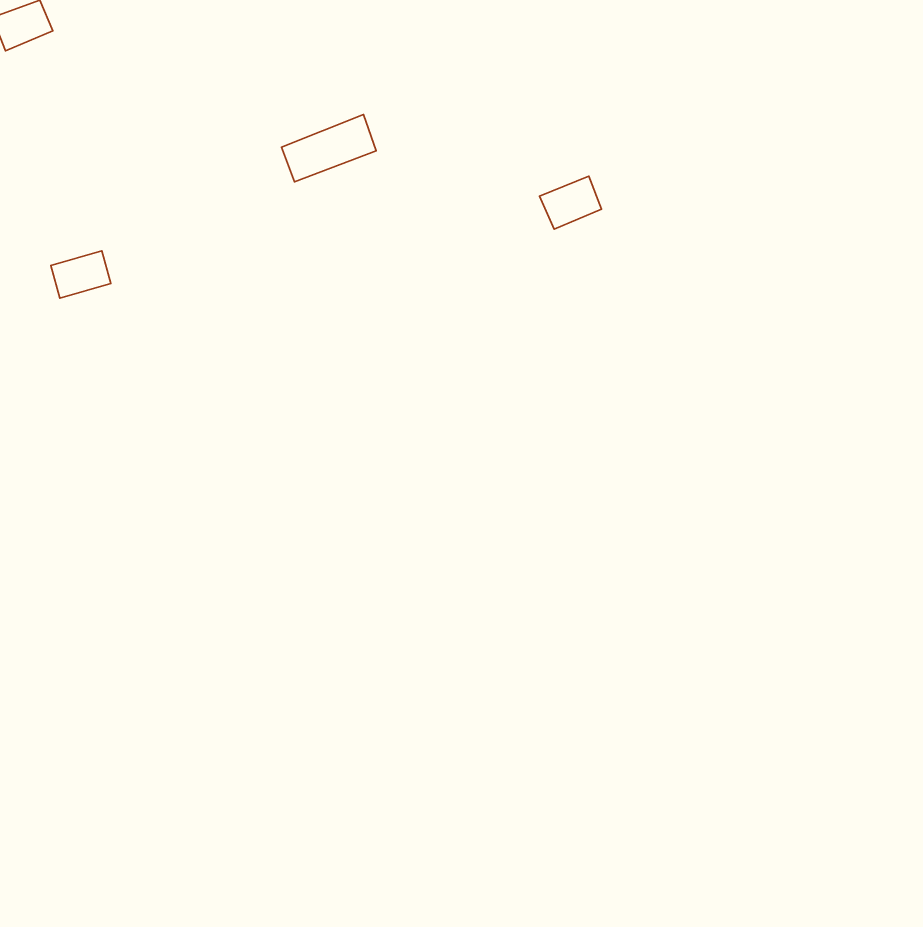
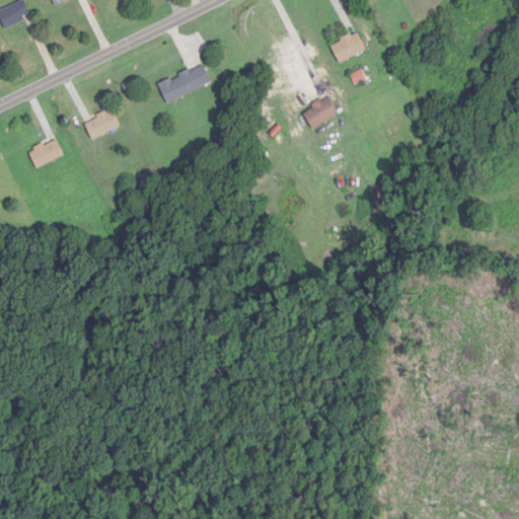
building: none -> [330,33,364,60]
building: none -> [82,108,119,140]

